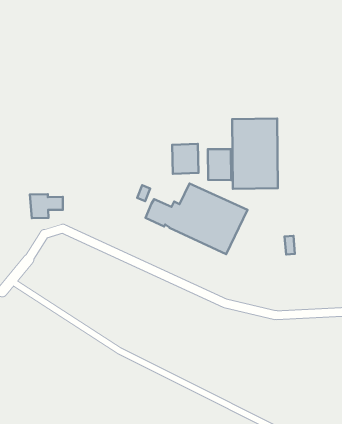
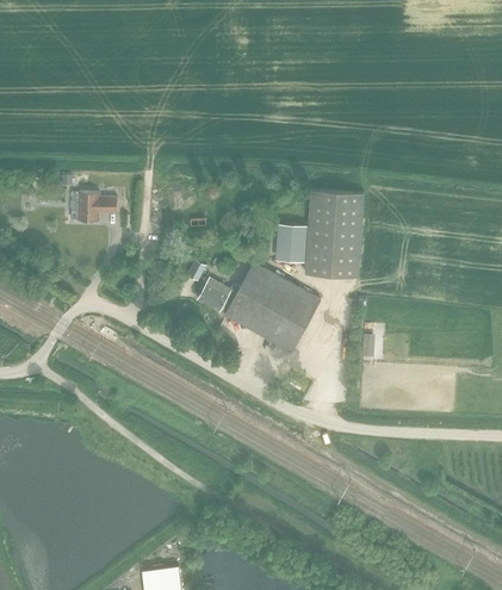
building: [172,144,198,174] -> none
building: [30,194,63,218] -> [76,192,116,222]

